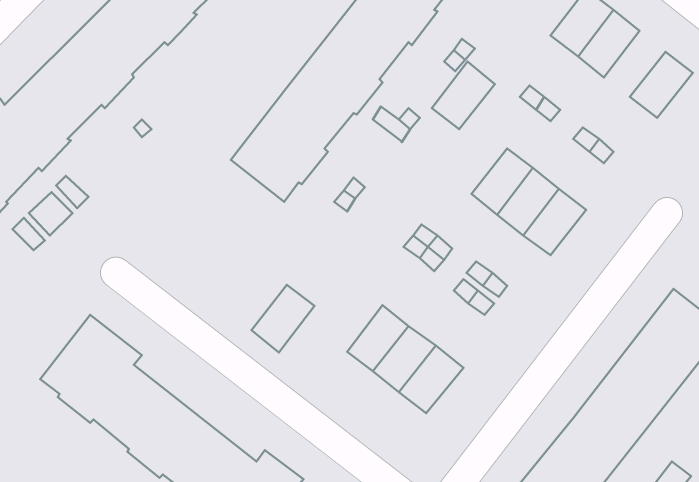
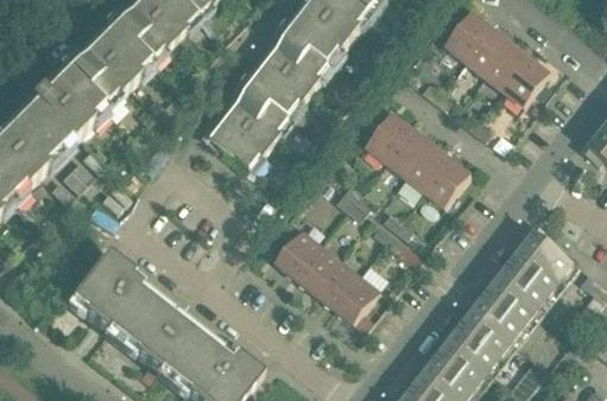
building: none -> [482,42,527,90]
building: [432,62,495,129] -> [365,112,411,161]
building: [251,285,314,353] -> [273,228,320,278]

